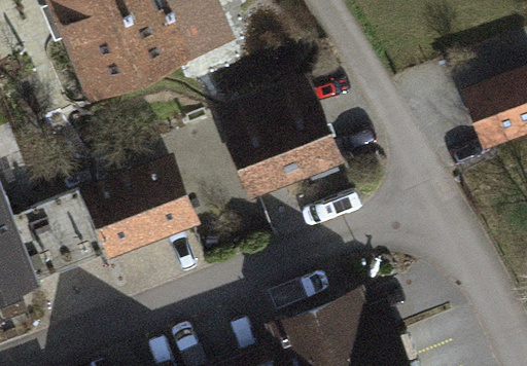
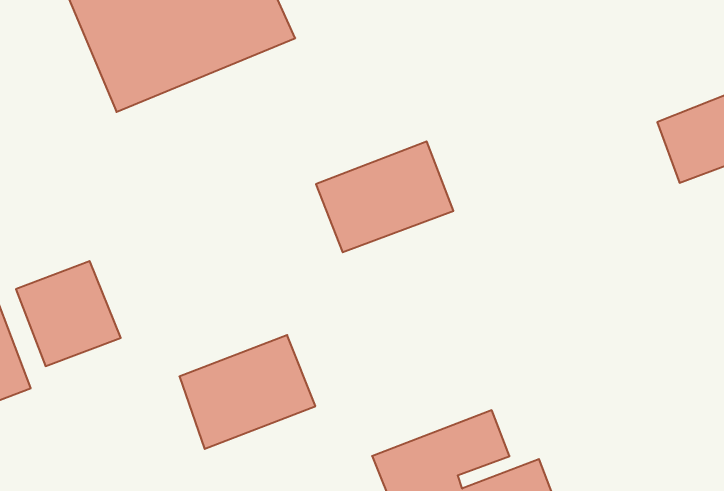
building: [97,174,191,253] -> [179,335,315,449]

